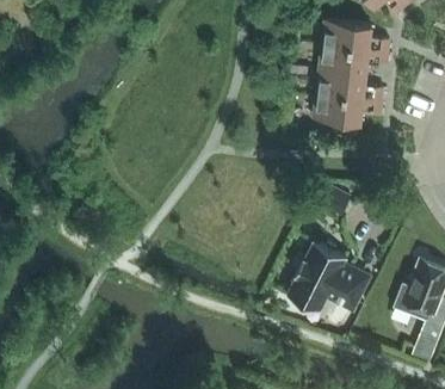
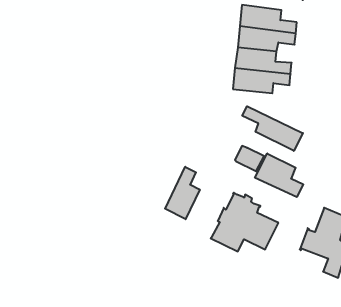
building: none -> [242,106,303,151]
building: none -> [255,153,303,197]
building: none -> [165,167,200,219]

